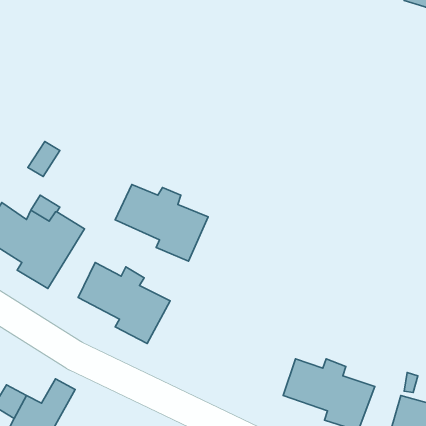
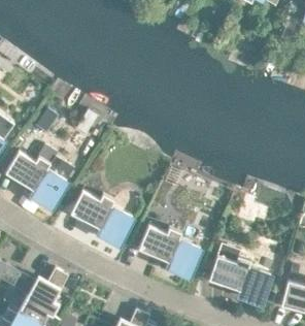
building: [115,185,208,261] -> [137,226,200,278]

